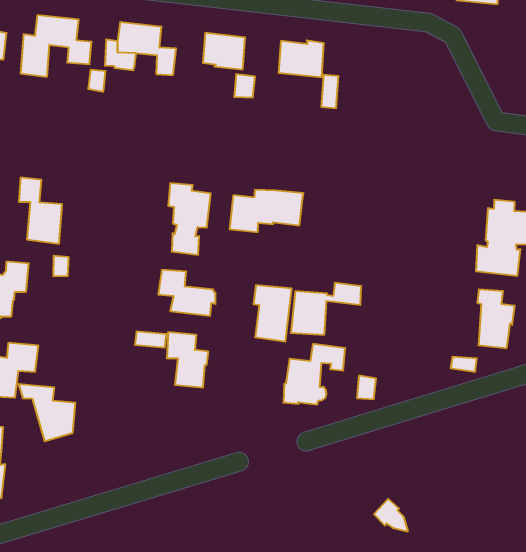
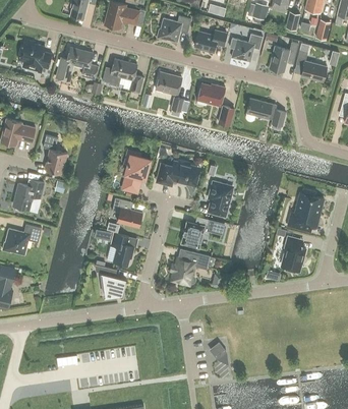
building: none -> [245,98,286,129]
building: [253,285,292,342] -> [209,182,233,216]
building: [19,384,75,441] -> [97,264,126,297]

